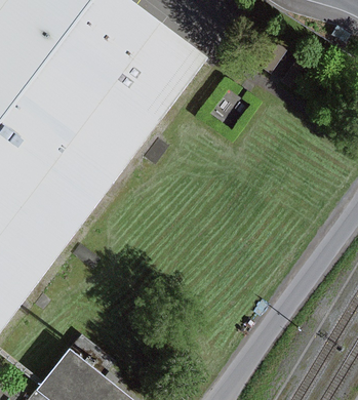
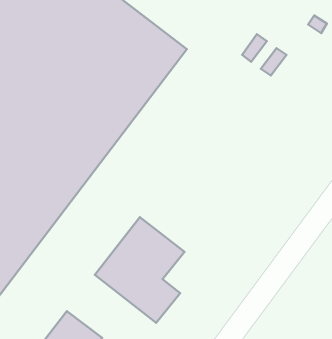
building: none -> [95,217,184,323]

